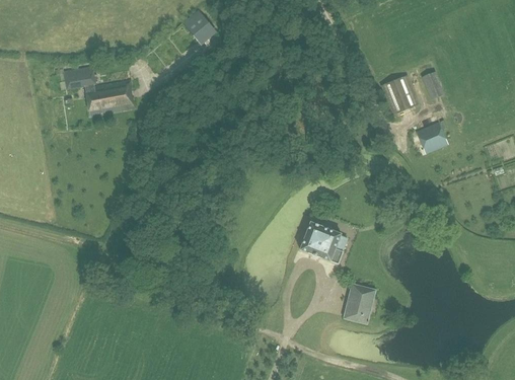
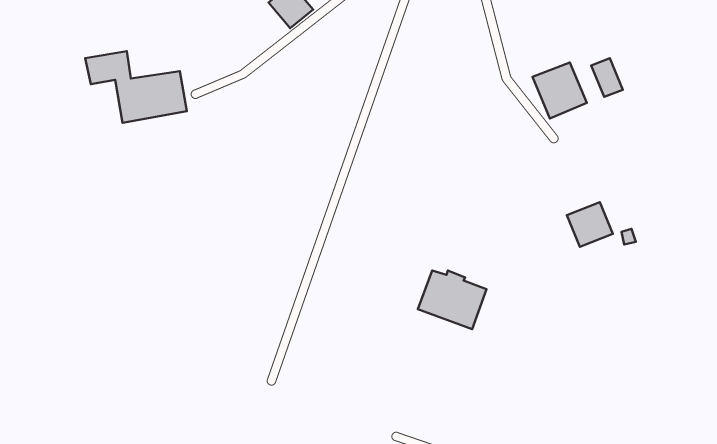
building: [415,122,447,153] -> [567,202,613,247]
building: [343,283,374,323] -> none

